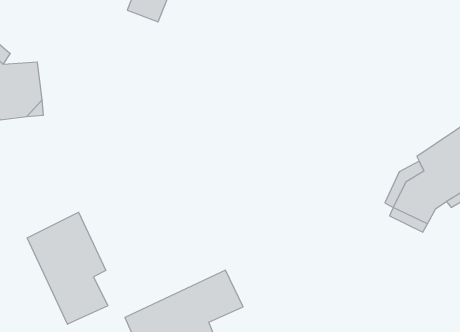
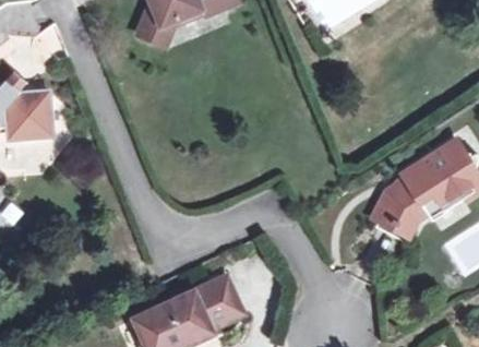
building: [27,212,108,324] -> none

